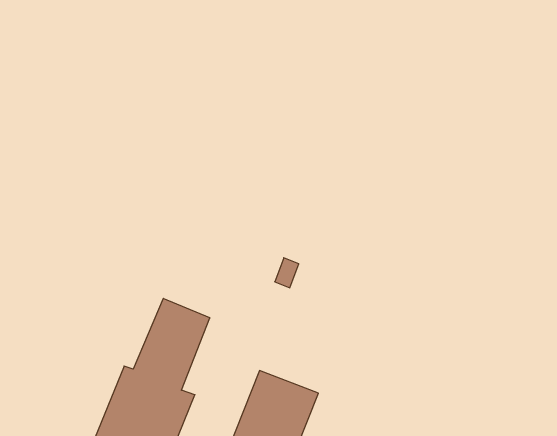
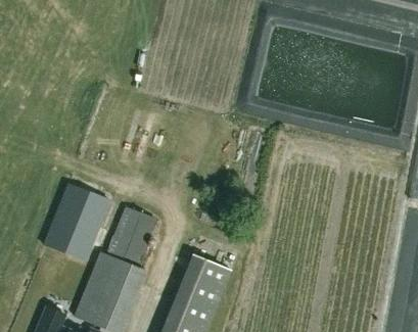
building: none -> [44,183,111,262]

